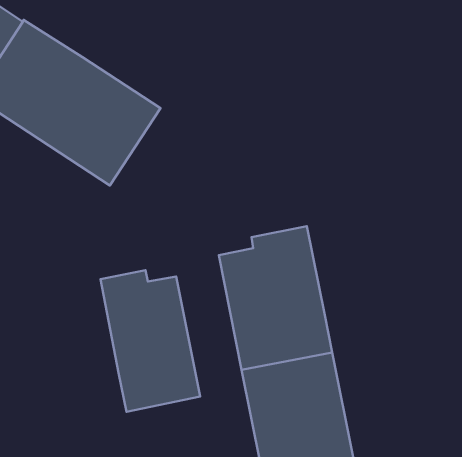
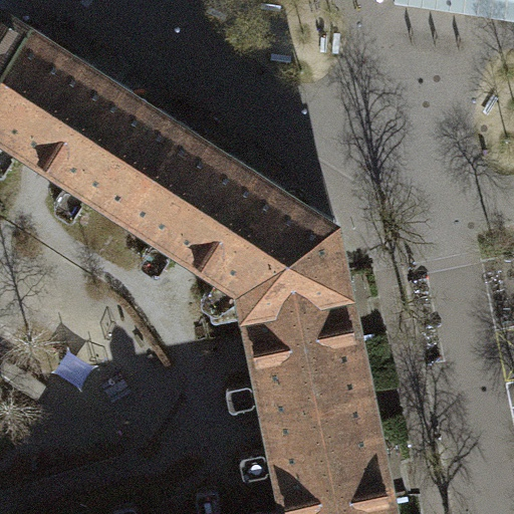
building: none -> [121,127,339,290]
building: [100,270,200,412] -> none

